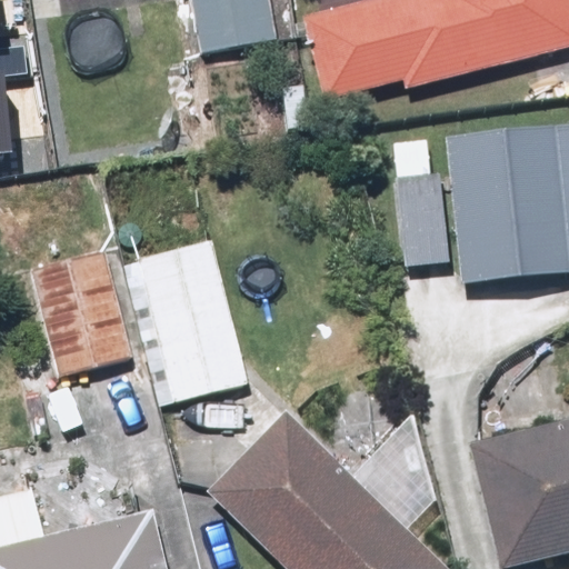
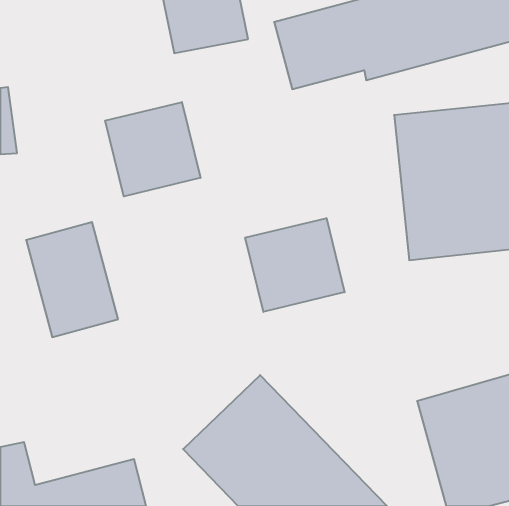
building: none -> [105,102,200,196]
building: [122,237,250,405] -> none
building: none -> [245,218,345,312]

